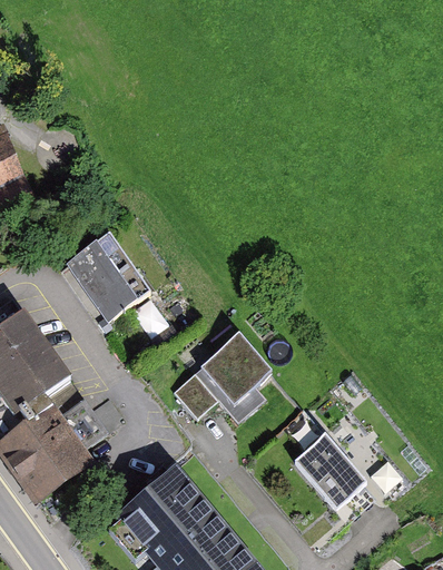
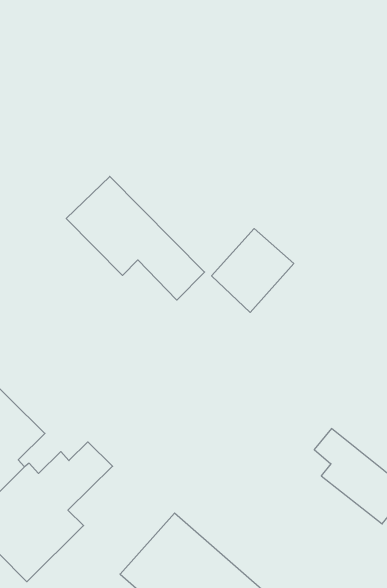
building: [63,240,175,356] -> [66,176,205,300]
building: [209,331,282,402] -> [212,229,294,312]
building: [177,372,222,416] -> none

